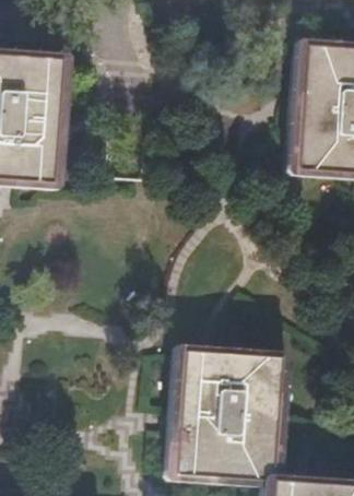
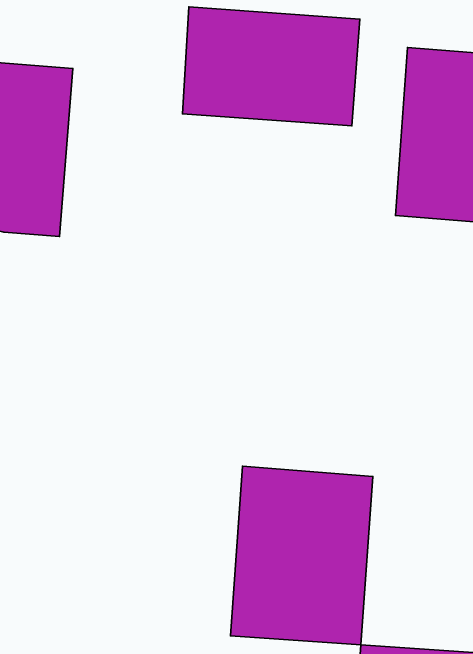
building: none -> [183,7,360,126]

